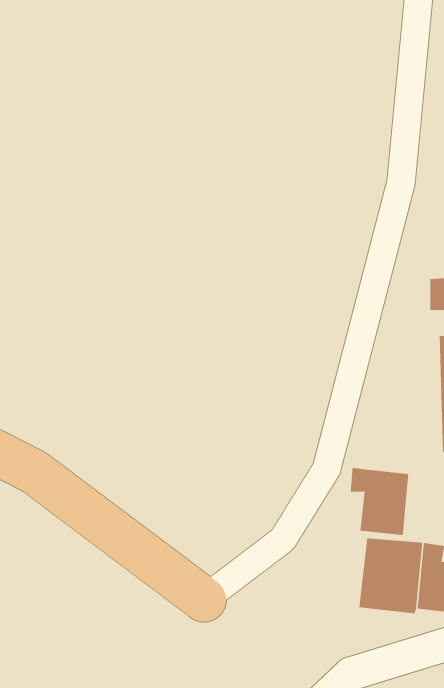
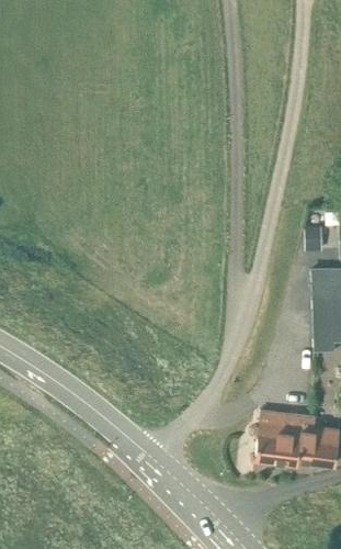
building: [350,467,409,536] -> none

